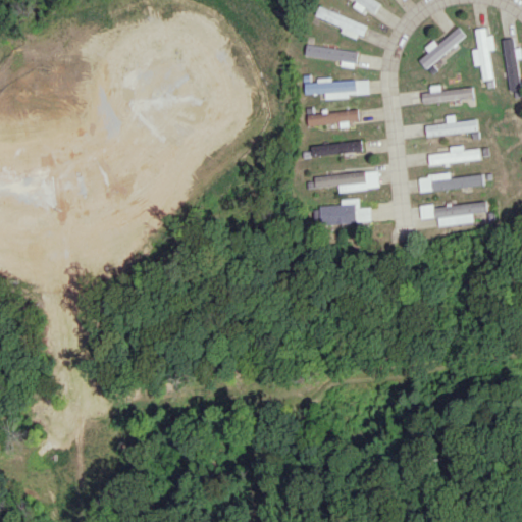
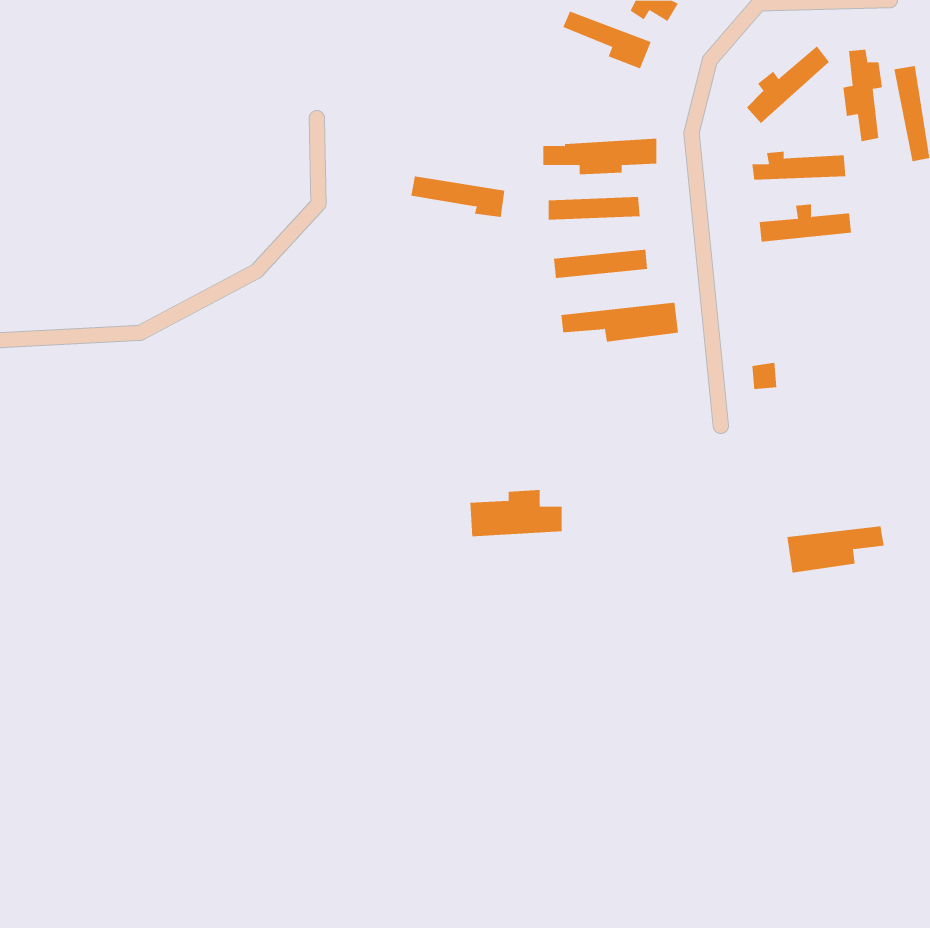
building: [304,45,357,68] -> [410,176,505,218]
building: [428,145,481,166] -> none
building: [419,173,484,193] -> none
building: [320,199,372,225] -> [470,490,562,537]
building: [436,201,491,227] -> [786,526,885,573]

